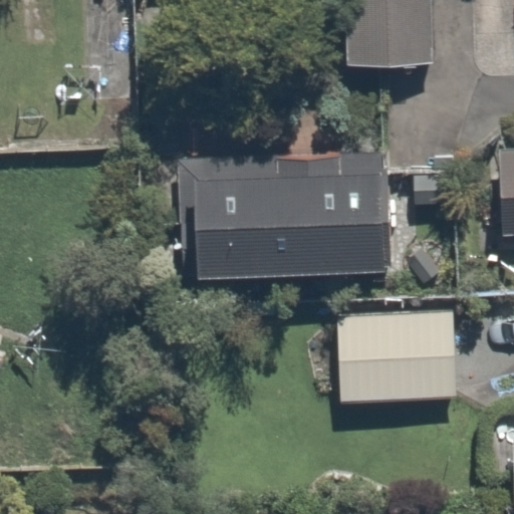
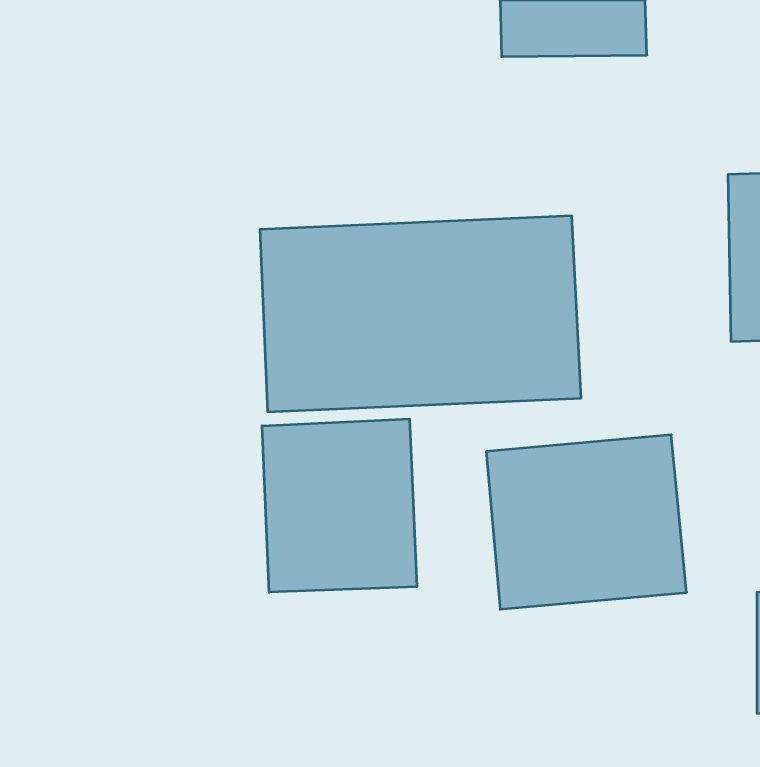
building: none -> [262,419,417,592]

